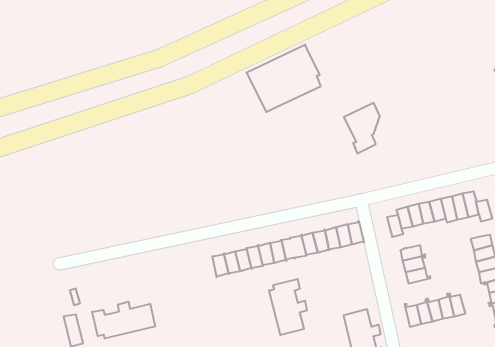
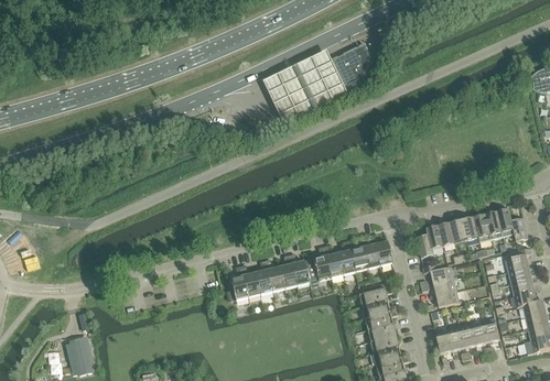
building: [344,103,380,153] -> [331,42,369,96]
building: [269,279,307,335] -> [357,281,398,340]
building: [92,302,155,339] -> none

